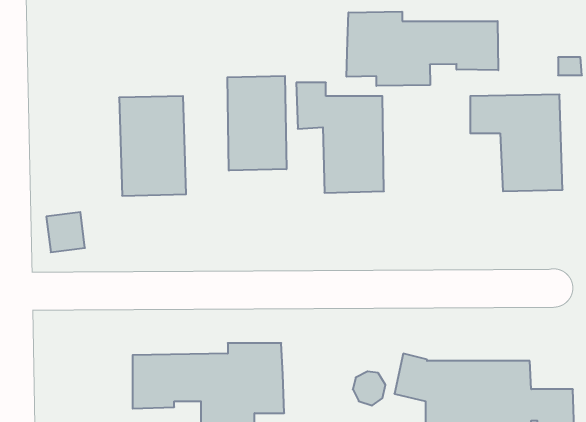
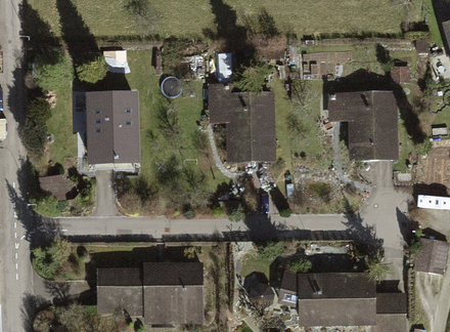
building: [347,12,498,86] -> none
building: [227,76,286,171] -> none

